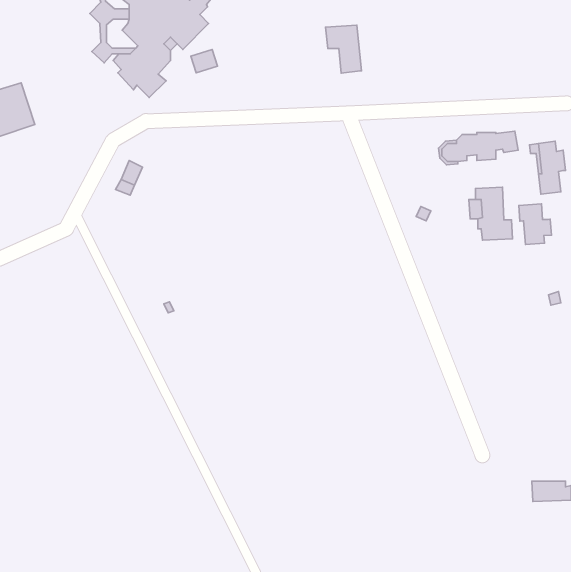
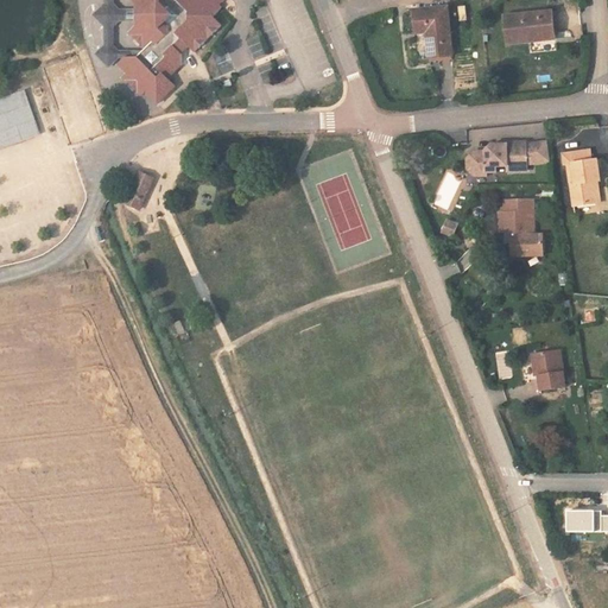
building: none -> [501,12,552,44]
building: [326,25,361,73] -> [414,7,452,58]
building: [519,204,551,244] -> none
building: none -> [533,349,563,388]

